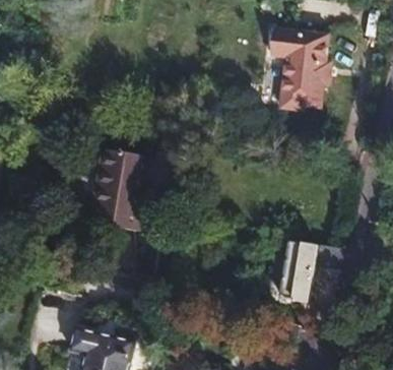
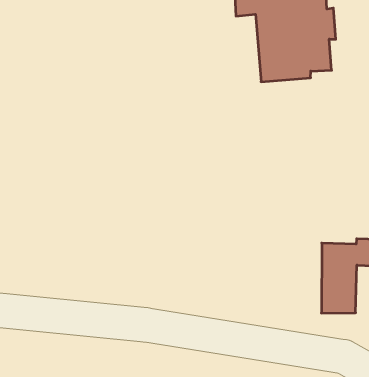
building: [92,149,146,231] -> none

